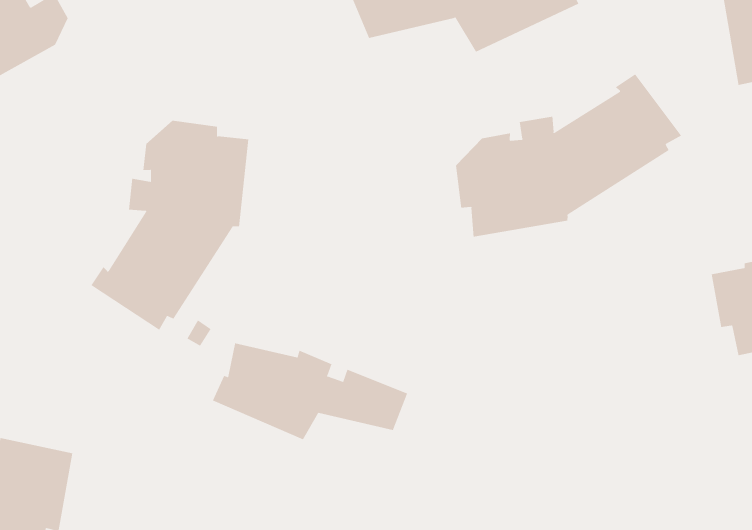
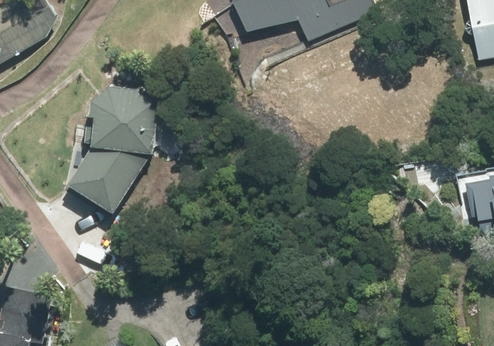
building: [456,73,682,237] -> none
building: [212,342,408,440] -> none

